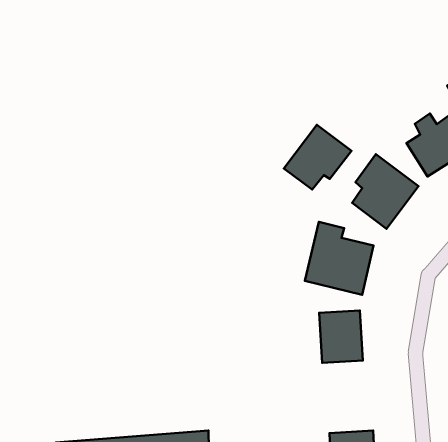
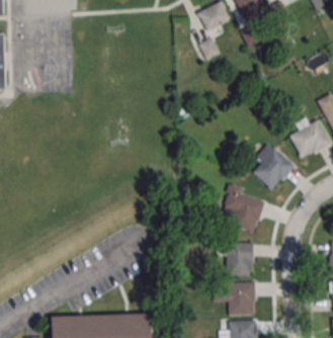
building: [284,125,351,189] -> none
building: none -> [214,281,254,315]

